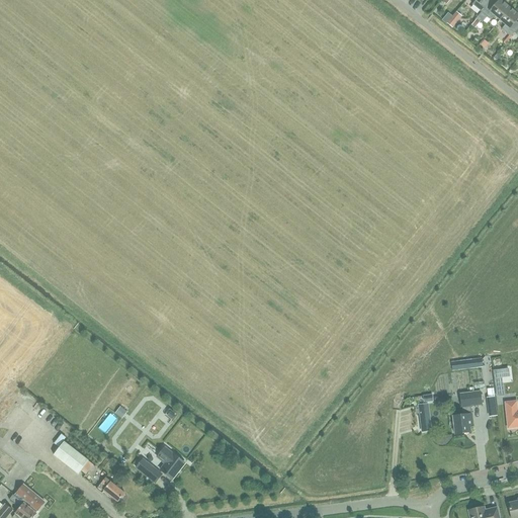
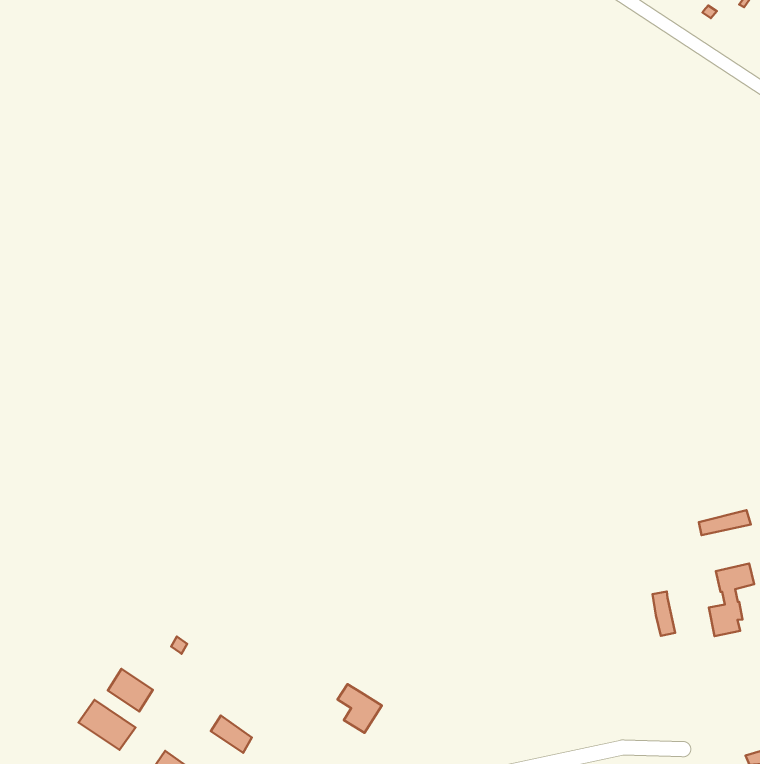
building: none -> [108,669,153,712]
building: [158,446,185,478] -> [337,684,382,733]

